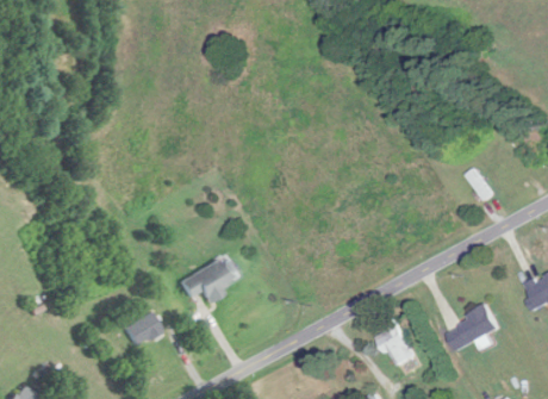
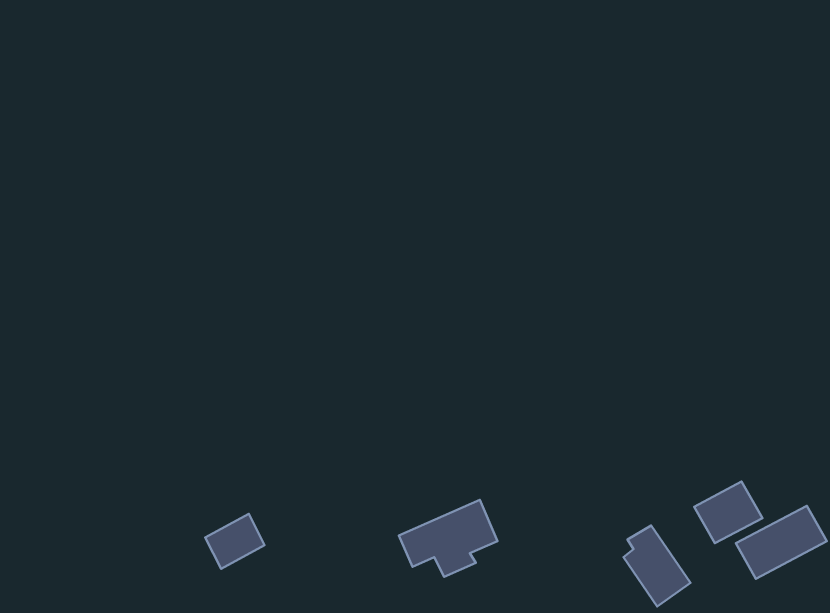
building: [181,256,241,303] -> [399,500,497,577]
building: none -> [694,482,762,543]

